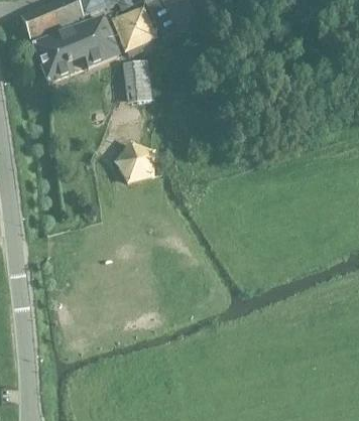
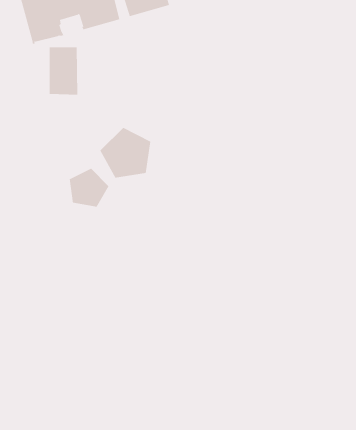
building: [122,60,150,102] -> [49,47,78,95]
building: none -> [69,168,109,207]

